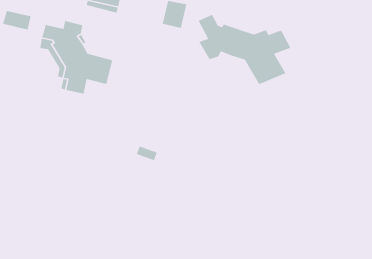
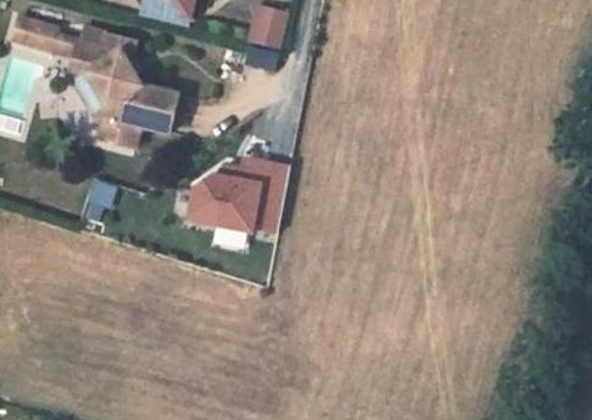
building: [197,14,292,85] -> none
building: none -> [193,155,292,228]

